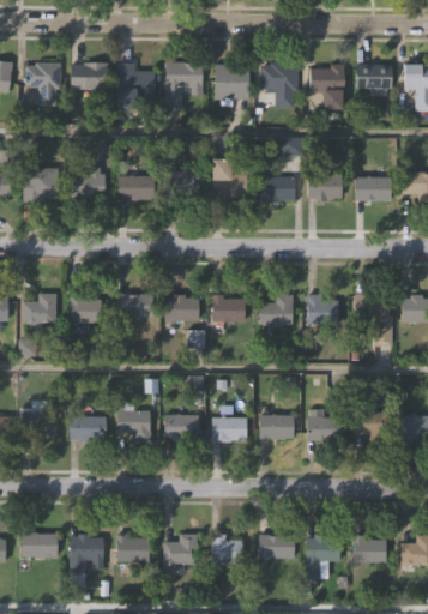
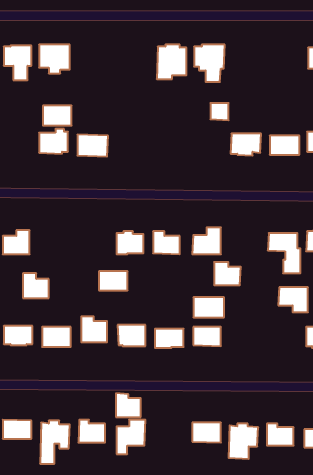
building: [115,60,155,100] -> none
building: [163,62,200,107] -> none
building: [311,64,348,109] -> none
building: [356,65,392,95] -> none
building: [211,156,247,198] -> none
building: [162,159,198,201] -> none
building: [261,174,297,201] -> none
building: [24,175,60,200] -> [43,106,72,126]
building: [307,293,340,321] -> [214,262,241,285]
building: [68,294,101,325] -> [23,273,49,298]
building: [117,294,153,318] -> [99,271,128,290]
building: [352,411,390,443] -> [278,287,308,312]
building: [307,416,345,441] -> [193,297,224,317]
building: [211,535,242,565] -> [116,393,141,417]

